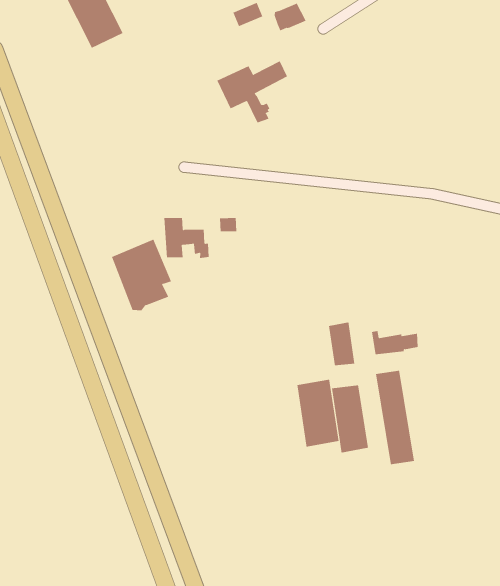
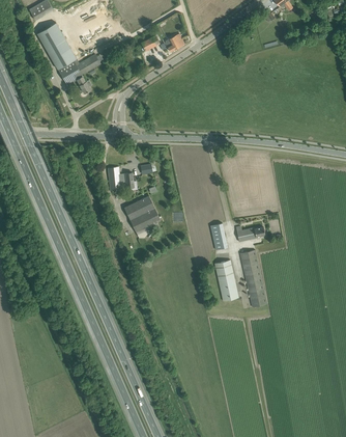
building: [217,60,288,123] -> [57,54,99,92]
building: [111,239,172,311] -> [123,194,161,238]
building: [297,379,339,447] -> none

